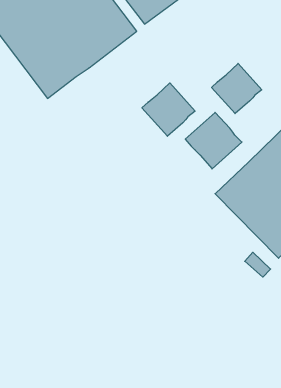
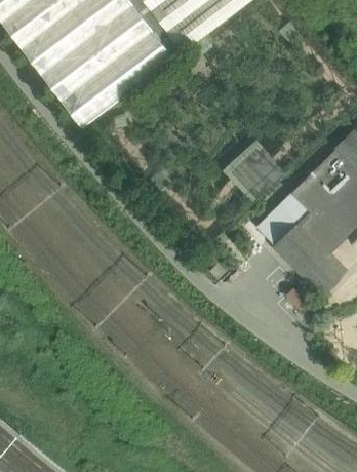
building: [212,63,262,114] -> none
building: [142,83,195,136] -> none

